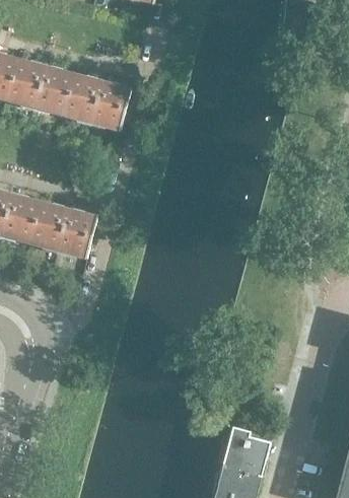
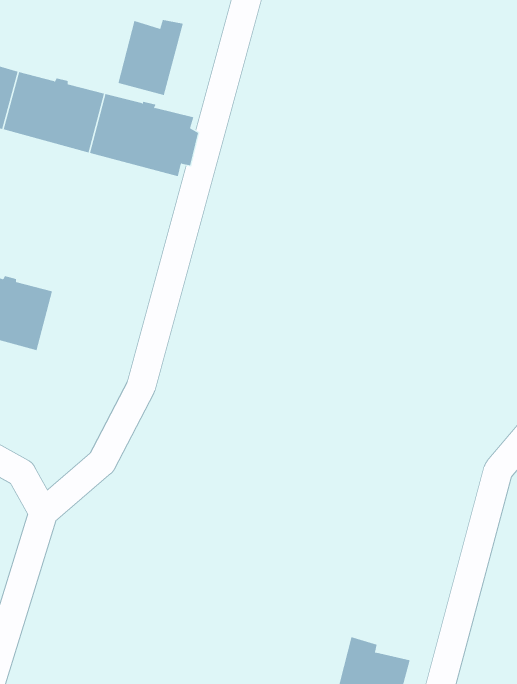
building: none -> [118,19,183,96]
building: [29,203,100,257] -> none

